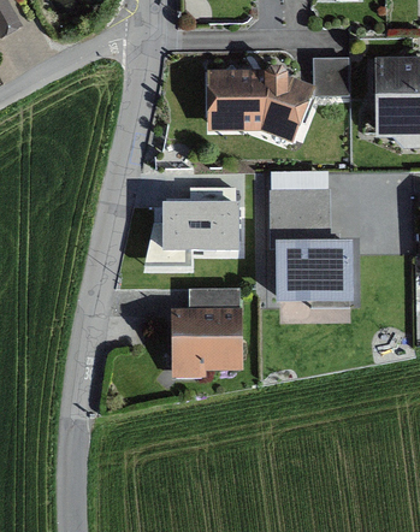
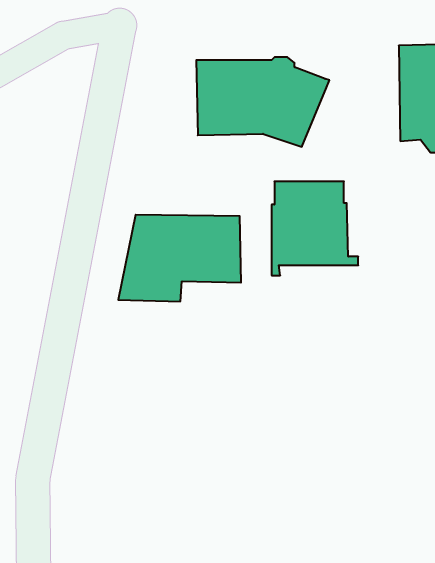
building: [313,55,349,95] -> none
building: [274,240,354,303] -> none
building: [171,288,243,376] -> none

